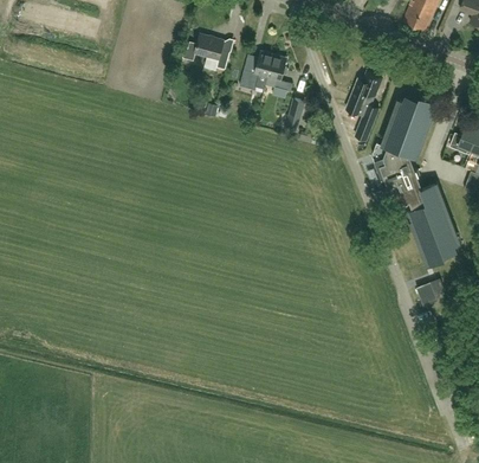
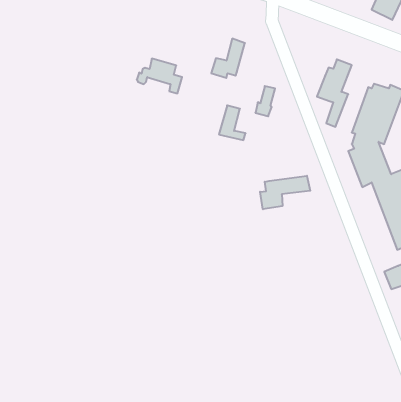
building: [183,33,229,69] -> [137,59,182,93]
building: [265,54,292,90] -> [219,105,246,140]
building: none -> [260,176,310,209]

